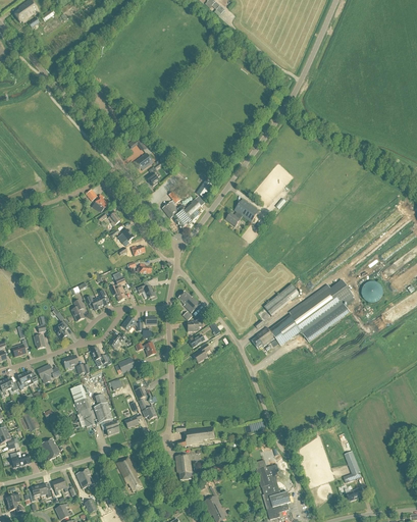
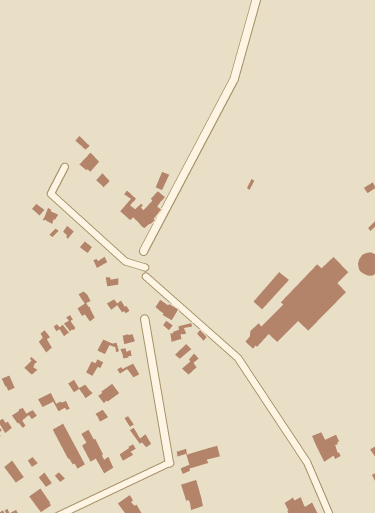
building: [225,199,258,225] -> none
building: [254,460,278,487] -> [311,432,341,463]

